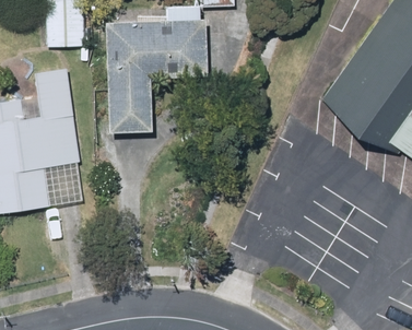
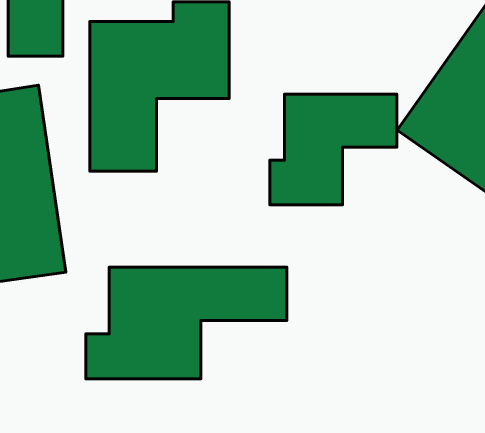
building: none -> [270,94,397,205]
building: none -> [86,267,287,379]

